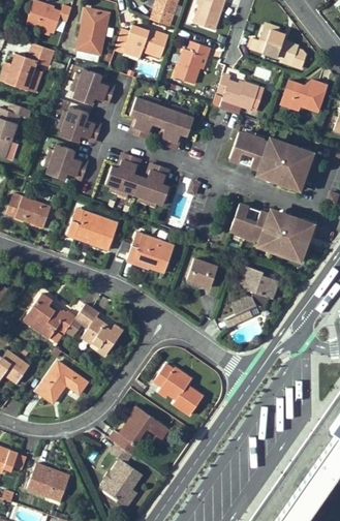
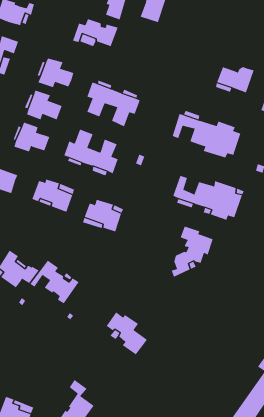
building: [79,12,110,56] -> none
building: [249,27,305,68] -> none
building: [174,41,210,84] -> none
building: [217,75,265,113] -> none
building: [187,258,218,288] -> none
building: [36,362,88,404] -> none
building: [110,407,168,455] -> none

